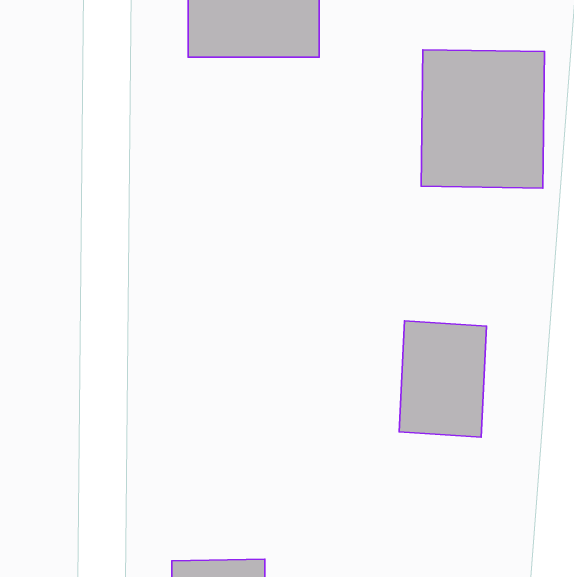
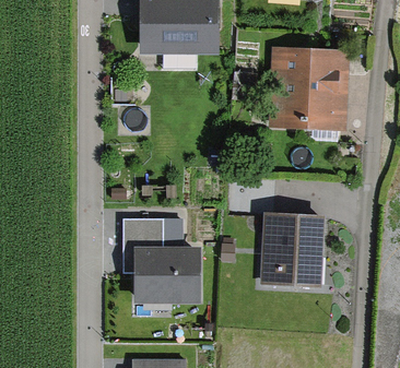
building: none -> [123,218,191,298]

